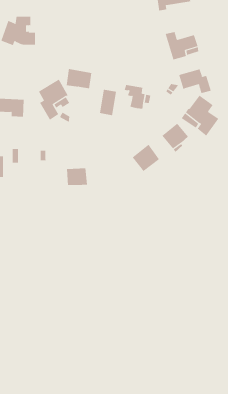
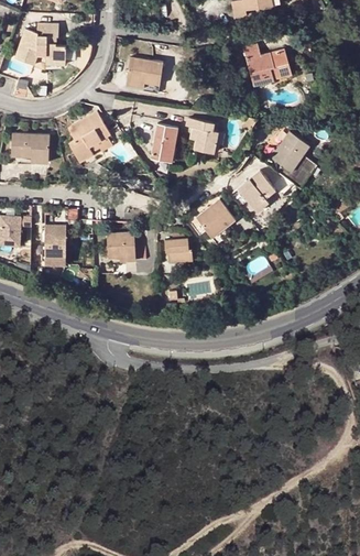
building: [178,68,211,94] -> none
building: [66,69,92,89] -> [126,57,162,85]
building: none -> [42,225,66,266]
building: none -> [165,238,193,263]

